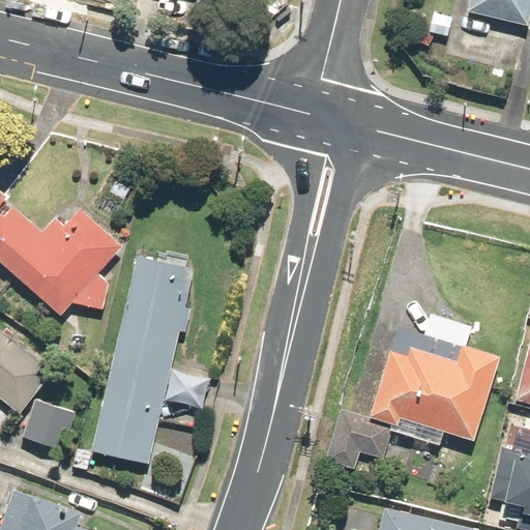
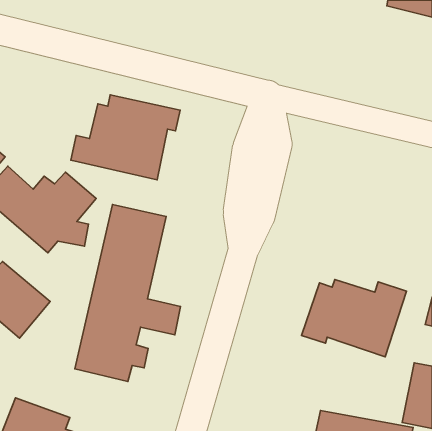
building: none -> [71,95,180,180]
building: [23,405,76,450] -> none
building: [325,410,392,471] -> none

